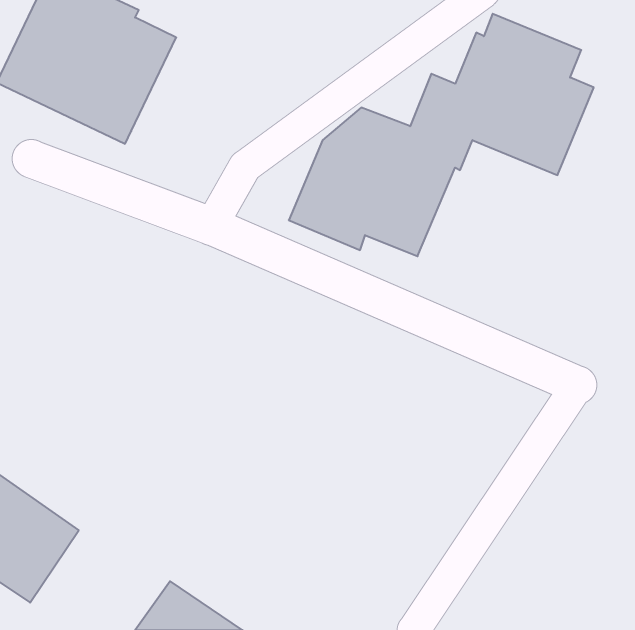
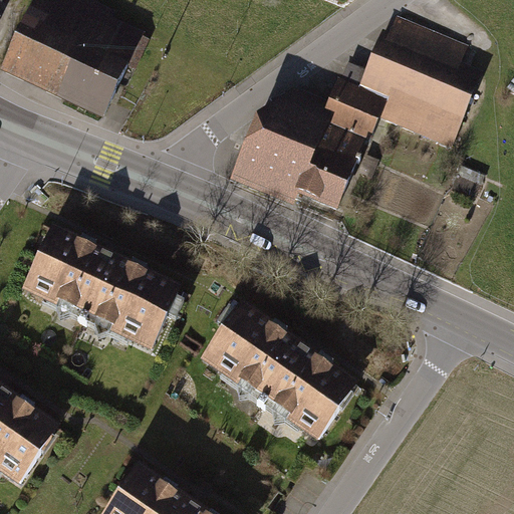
building: none -> [22,227,182,353]
building: none -> [204,304,358,442]

